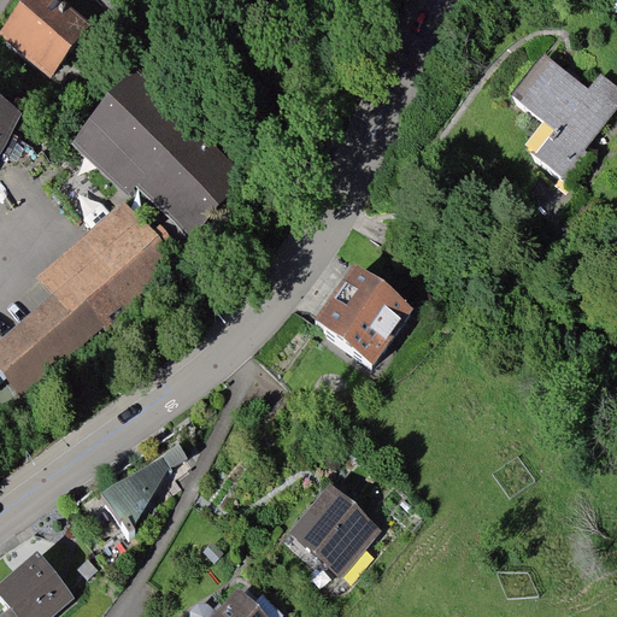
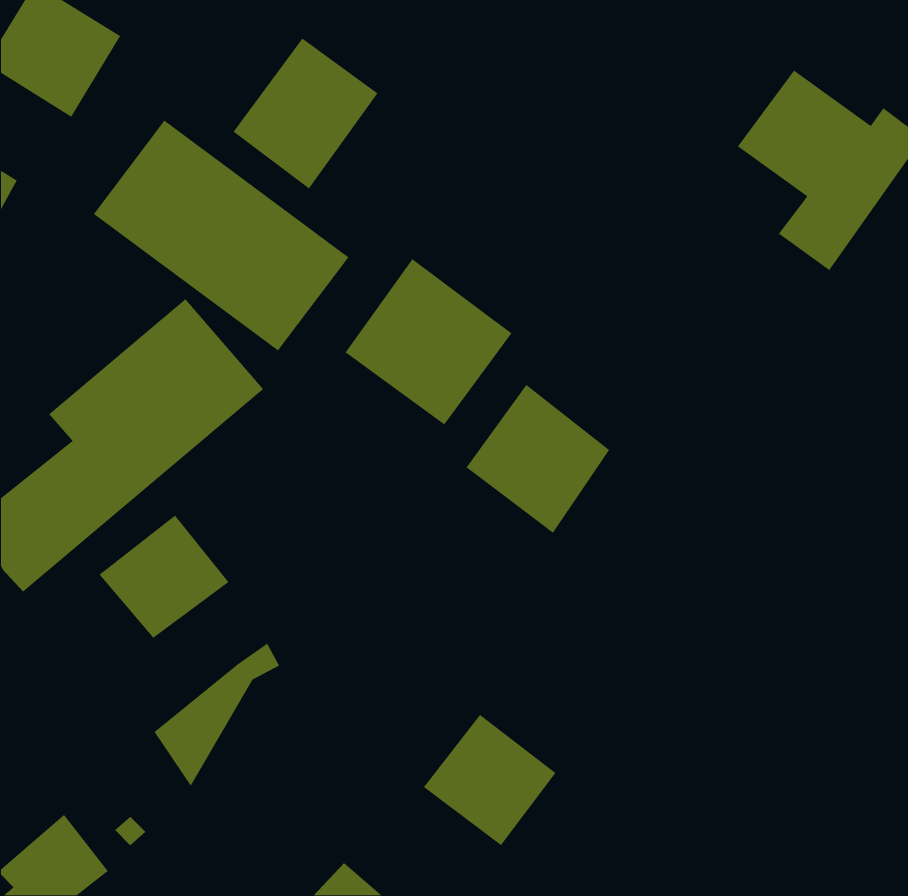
building: none -> [232,38,379,189]
building: none -> [344,258,513,425]
building: none -> [98,515,230,639]

